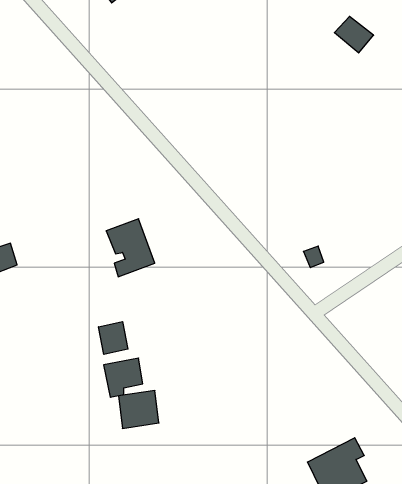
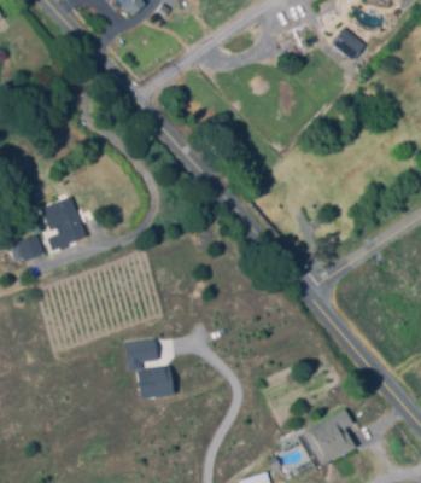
building: [106,219,155,277] -> [45,196,88,248]
building: [99,322,128,354] -> none

